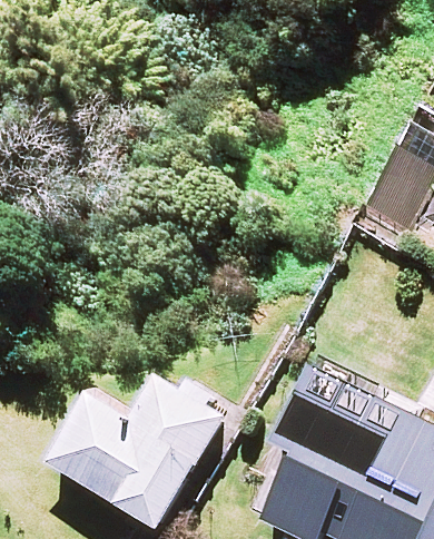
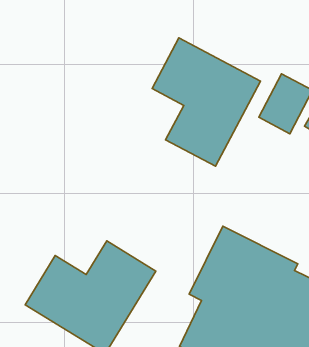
building: none -> [152,38,261,166]

